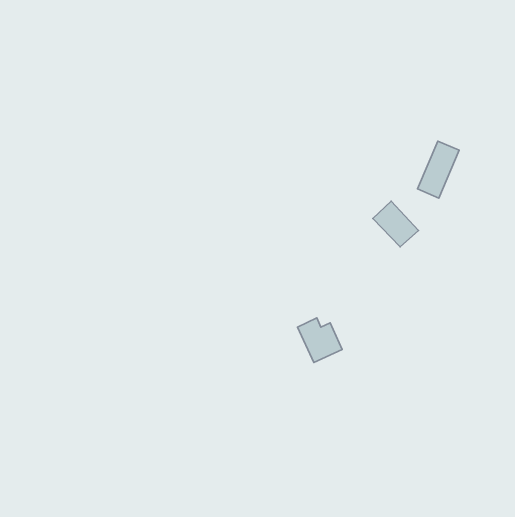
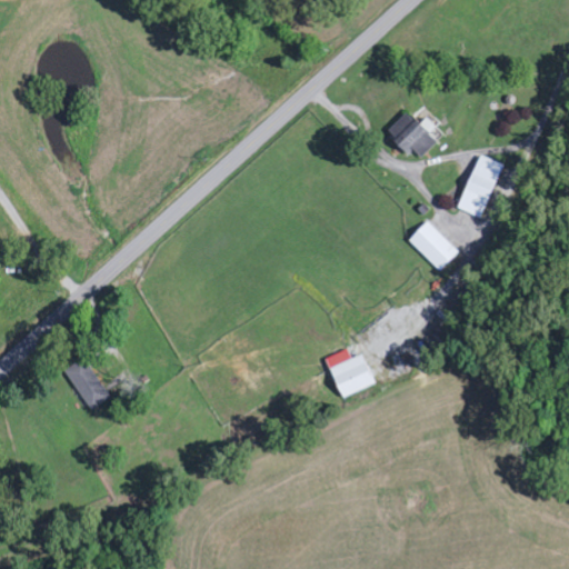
building: none -> [395,114,436,156]
building: none -> [66,357,109,409]

